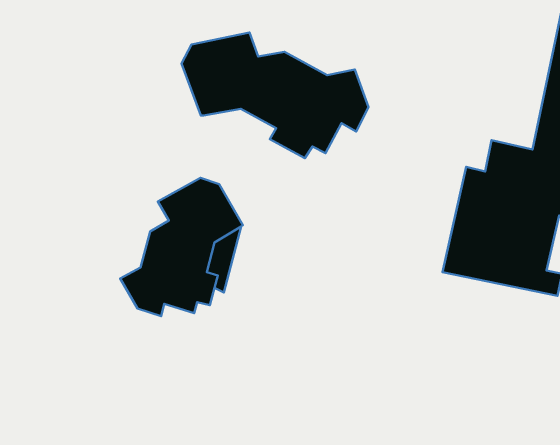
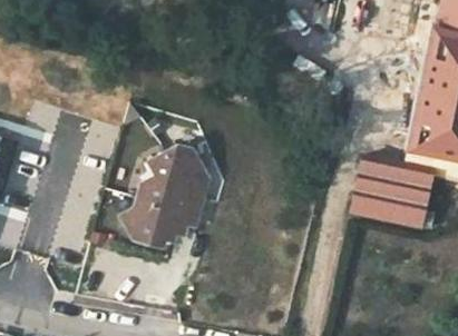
building: [182,33,369,158] -> none

